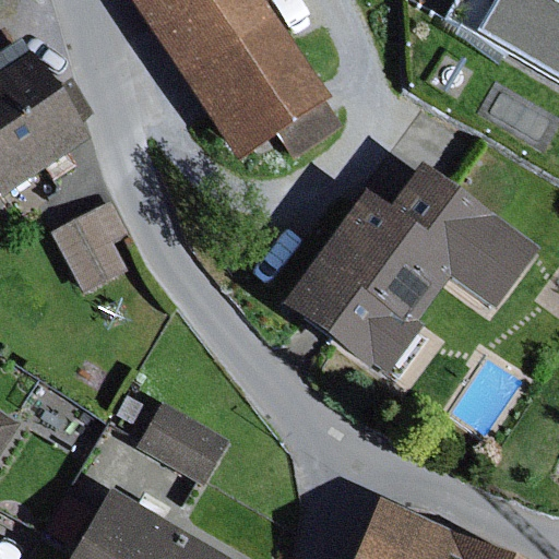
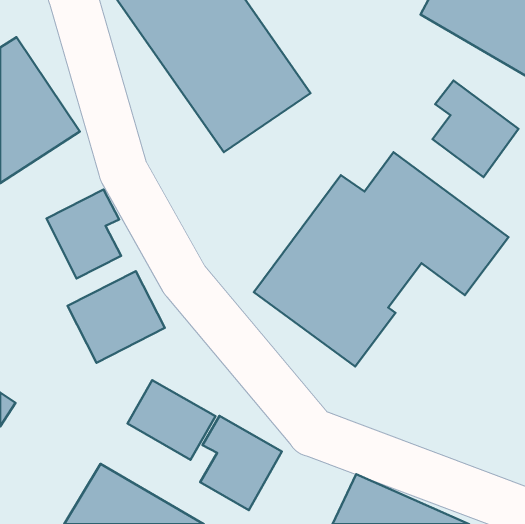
building: none -> [433,80,518,177]
building: none -> [68,271,165,363]
building: none -> [200,416,282,510]

